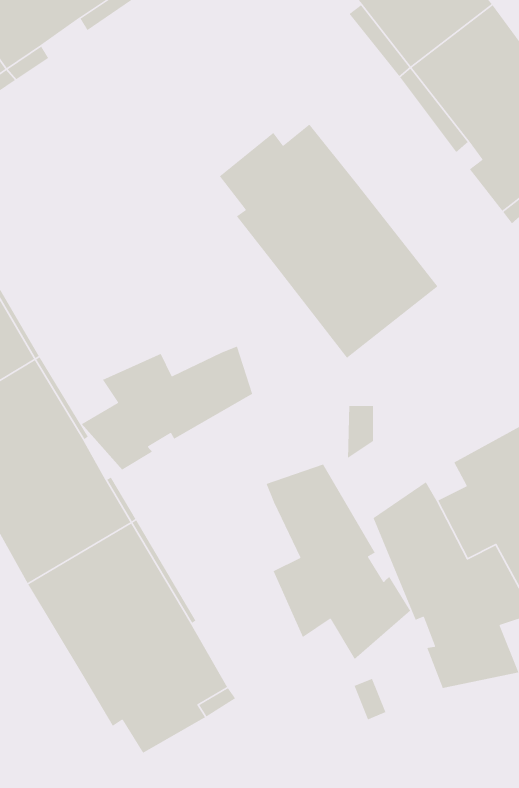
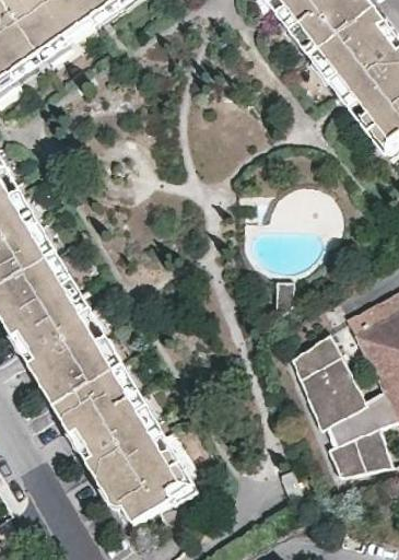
building: [219,124,439,359] -> none
building: [81,345,253,471] -> none
building: [265,463,411,660] -> none

